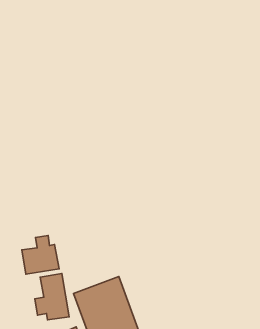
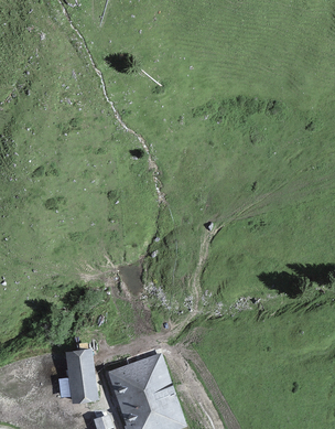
building: [22,235,59,274] -> none

